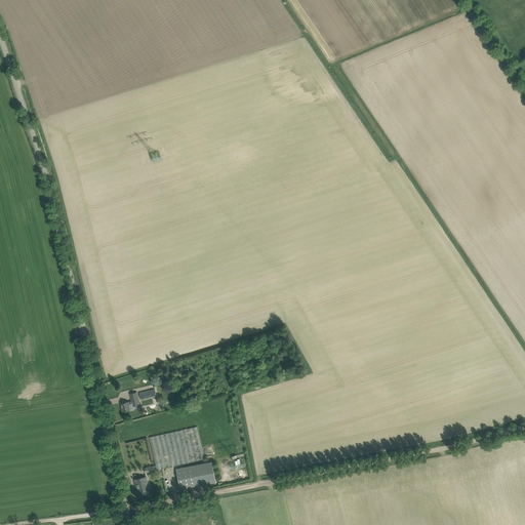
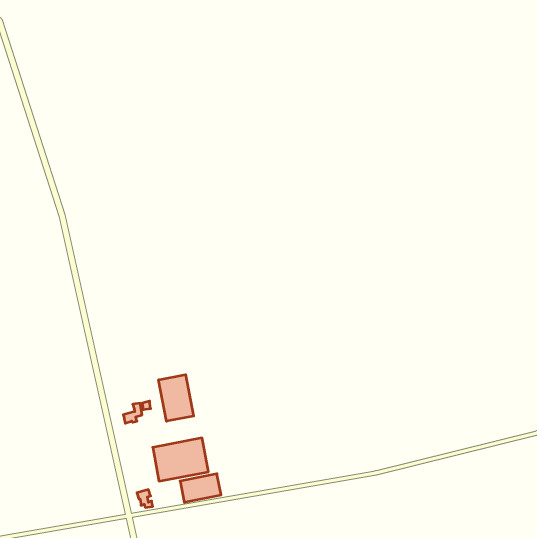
building: none -> [159,375,194,421]

